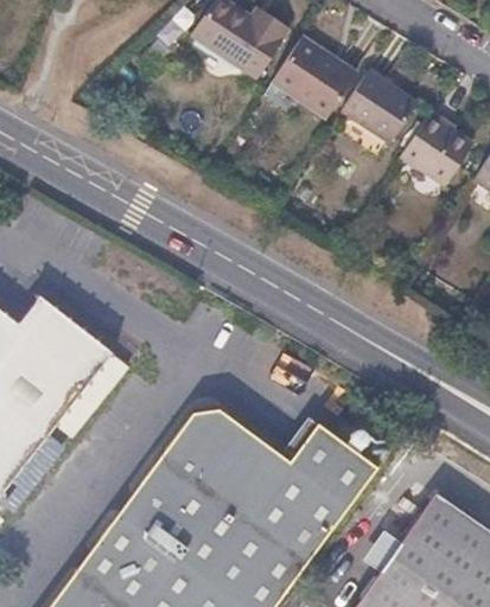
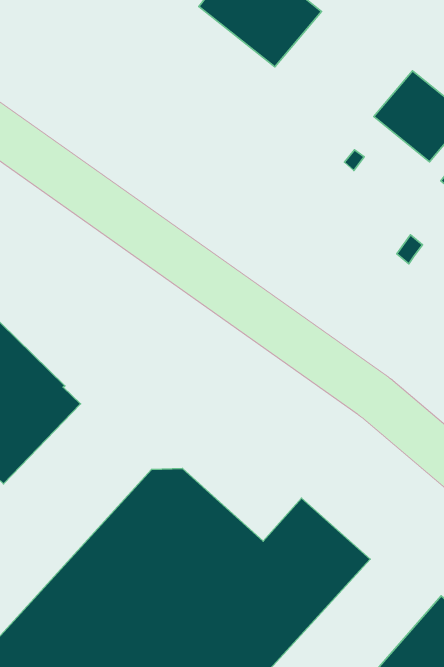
building: [271,36,357,119] -> none

